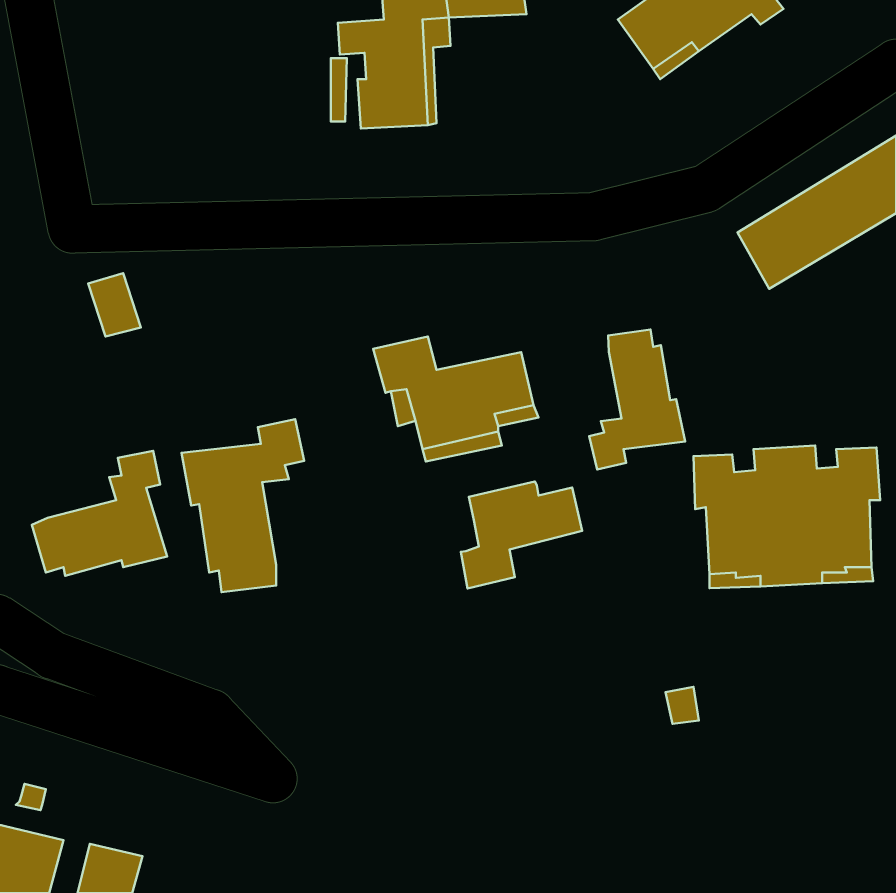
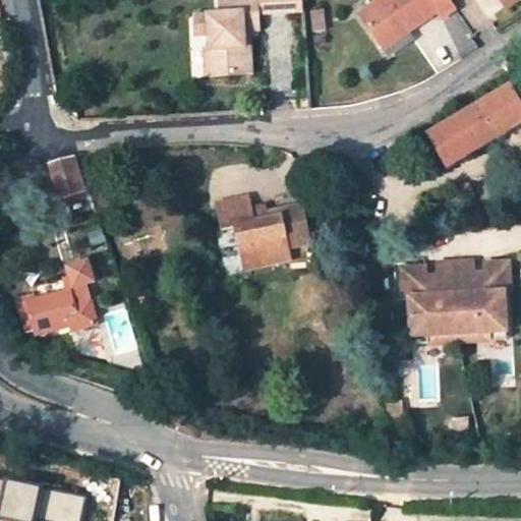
building: [589,330,685,470] -> none
building: [181,419,304,592] -> none
building: [461,481,582,589] -> none

